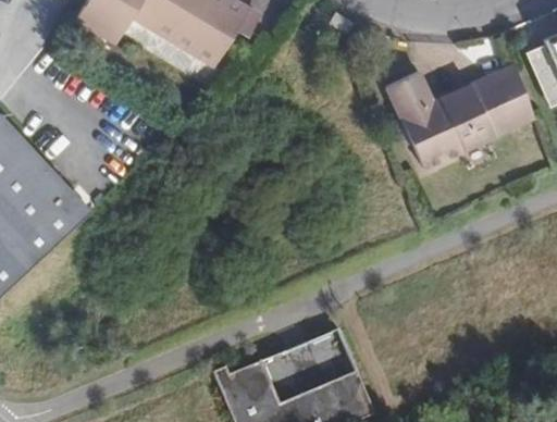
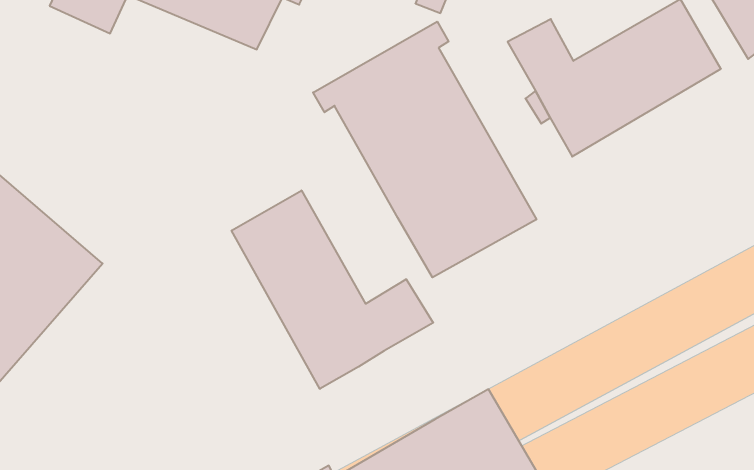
building: none -> [313,22,536,277]
building: none -> [232,190,433,389]

